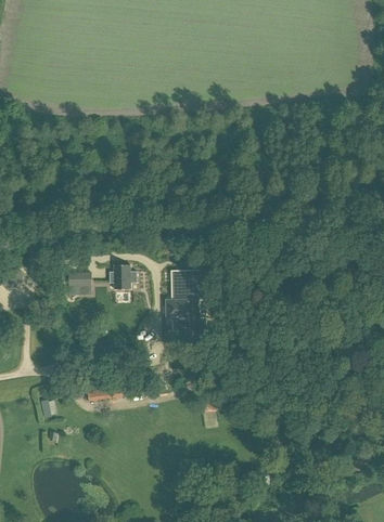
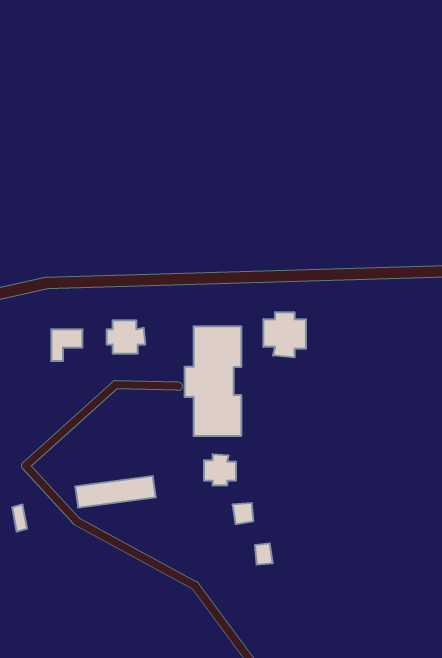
building: none -> [263,312,306,357]
building: none -> [204,454,236,486]

